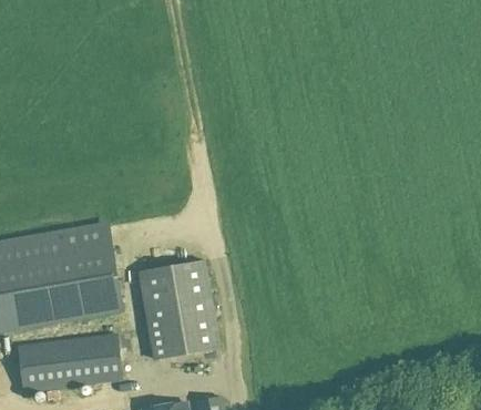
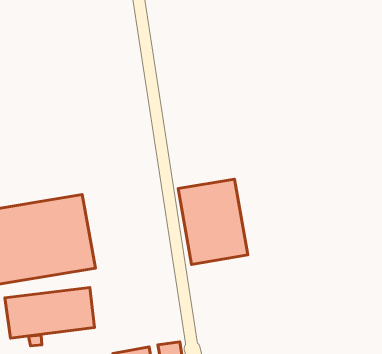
building: [139,259,219,358] -> [178,179,248,264]

